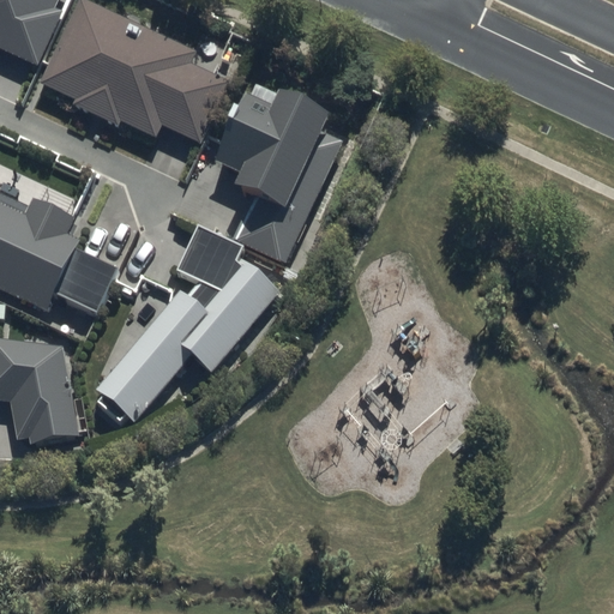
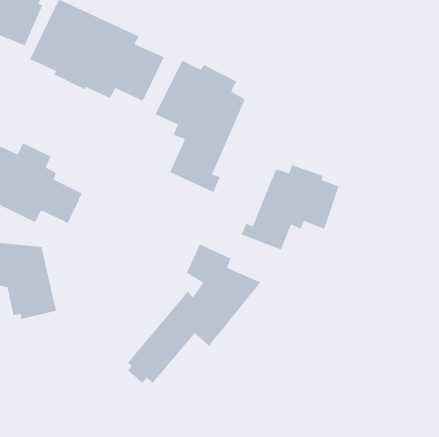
building: [97,225,284,421] -> [127,243,262,384]
building: none -> [241,164,340,251]

